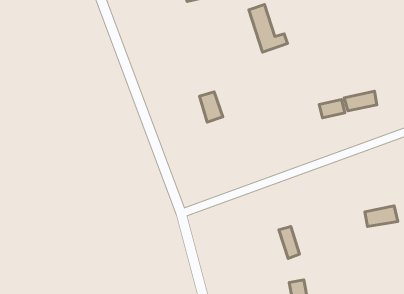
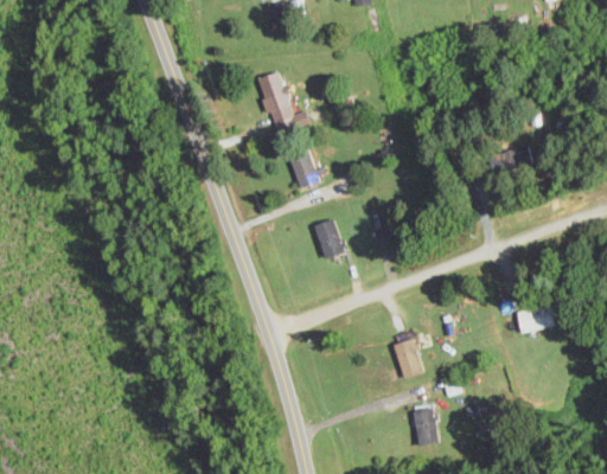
building: [249,5,288,52] -> [256,71,309,136]
building: [319,99,345,118] -> none
building: none -> [313,218,344,258]

